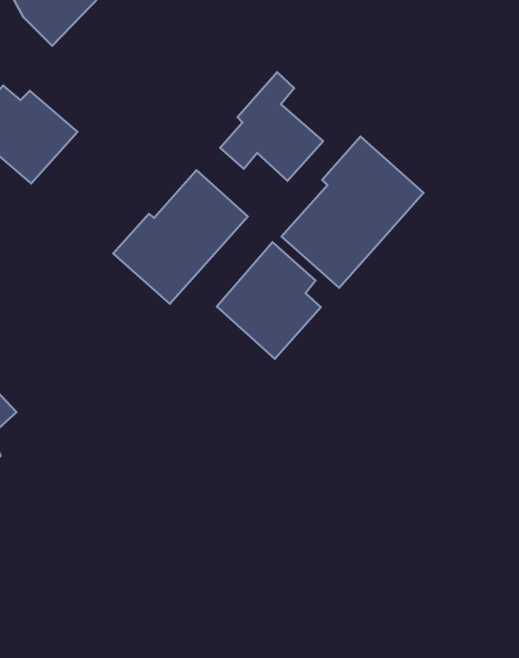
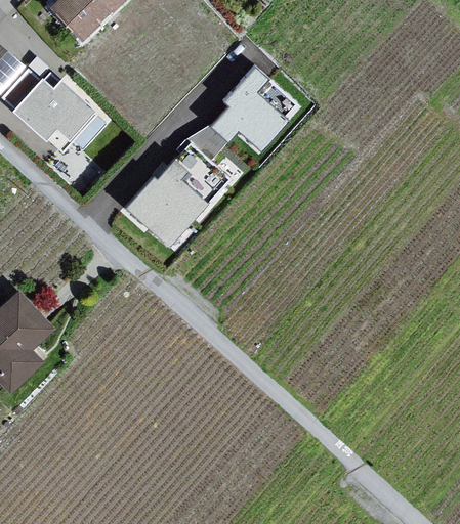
building: [281,136,424,288] -> none
building: [217,242,321,359] -> none

